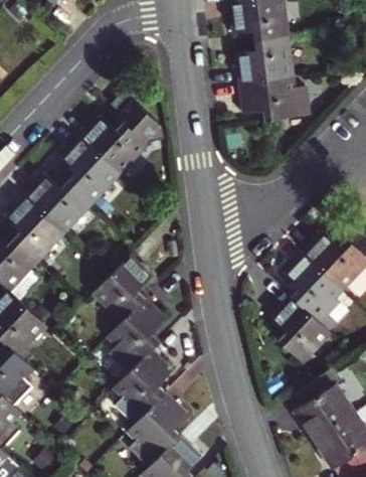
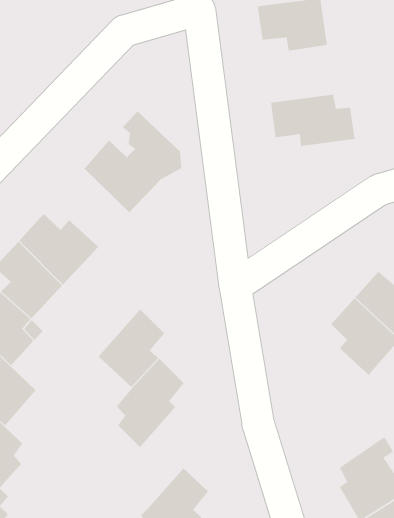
building: [234,38,292,86] -> none
building: [63,141,121,206] -> none
building: [276,291,336,356] -> none
building: [117,349,174,425] -> none

